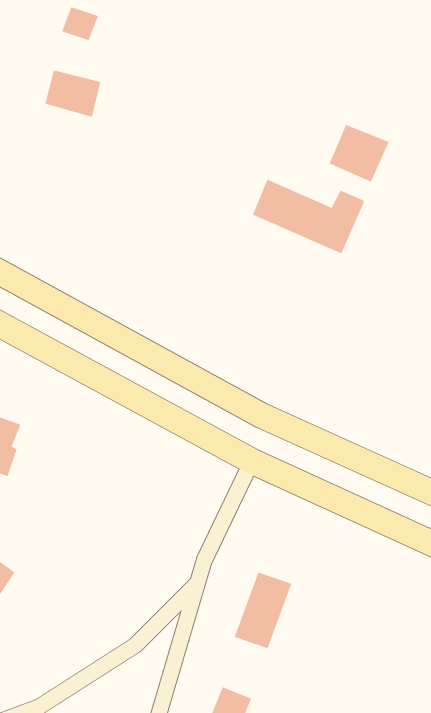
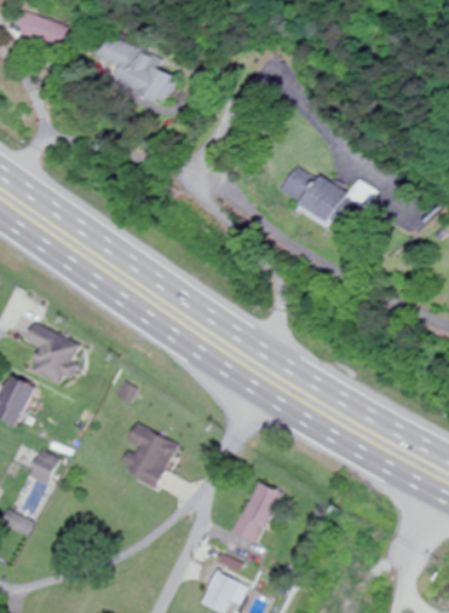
building: [61,6,99,41] -> [96,35,127,64]
building: [329,124,389,183] -> none
building: none -> [119,423,177,486]

